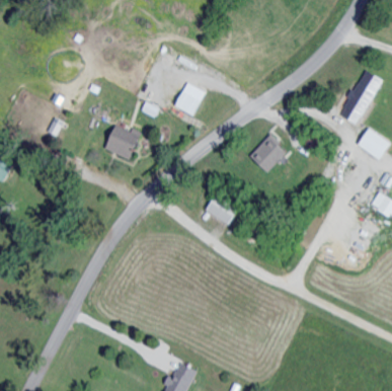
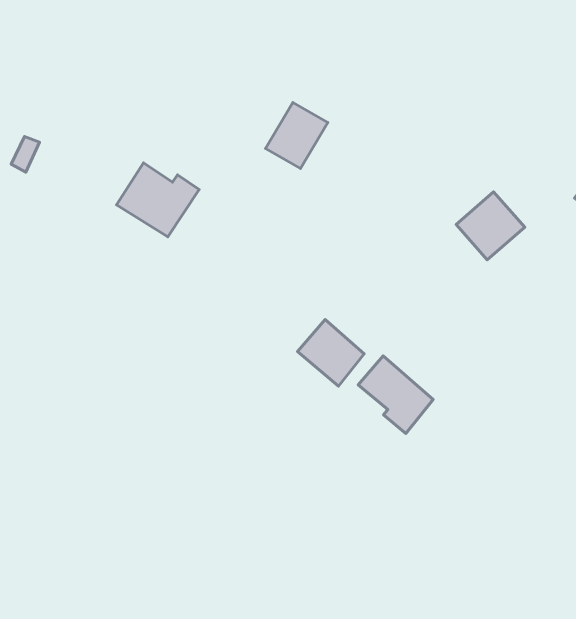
building: [251,137,287,172] -> [456,192,525,260]
building: none -> [358,356,433,433]

